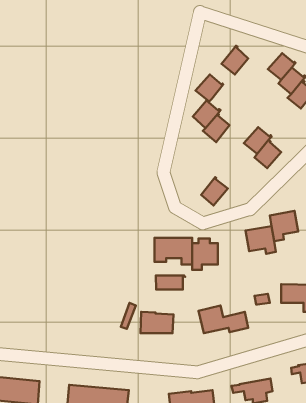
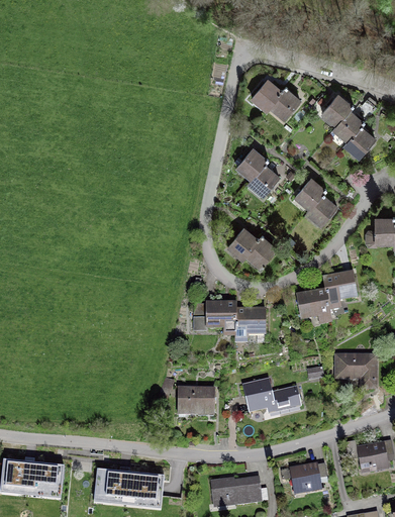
building: [196,75,223,101] -> [252,80,283,110]
building: none -> [228,228,260,258]
building: [156,275,185,290] -> none

